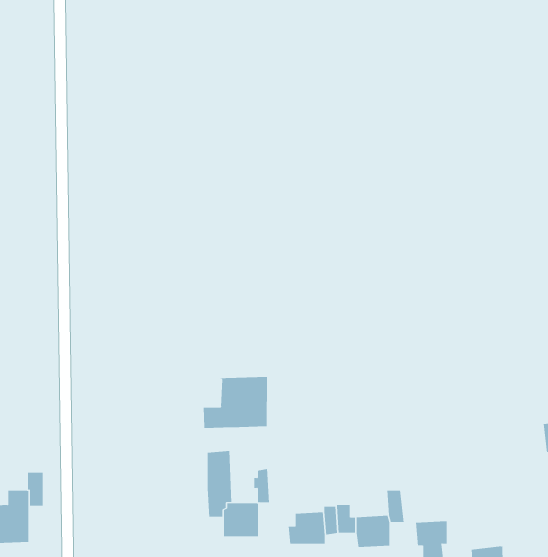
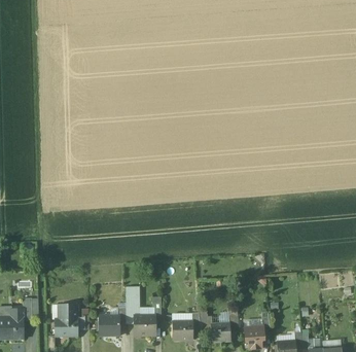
building: [203,376,268,429] -> none
building: none -> [55,304,78,336]
building: none -> [99,315,119,335]

